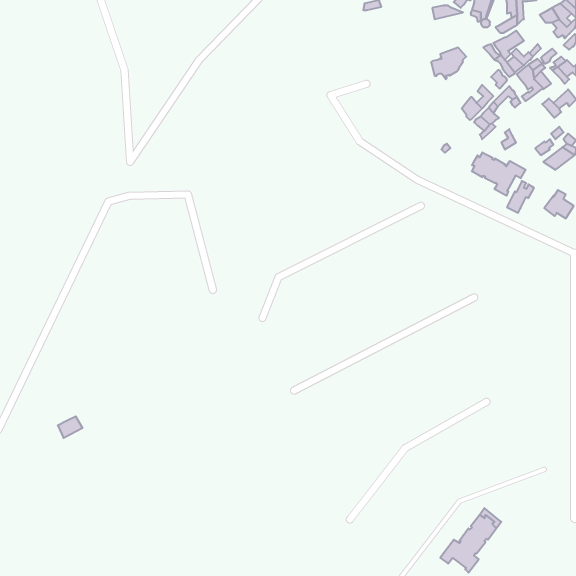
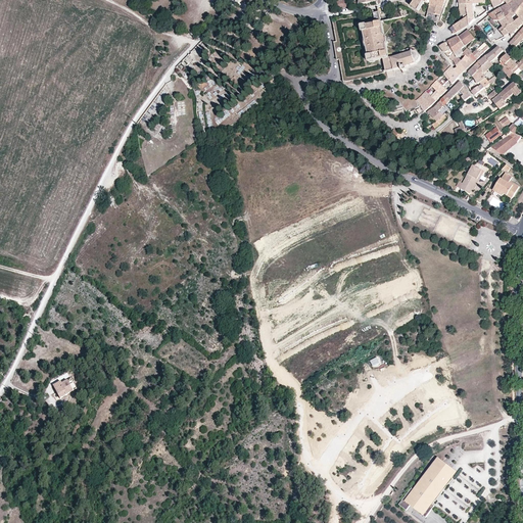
building: none -> [359,7,392,70]
building: [472,152,526,196] -> none

